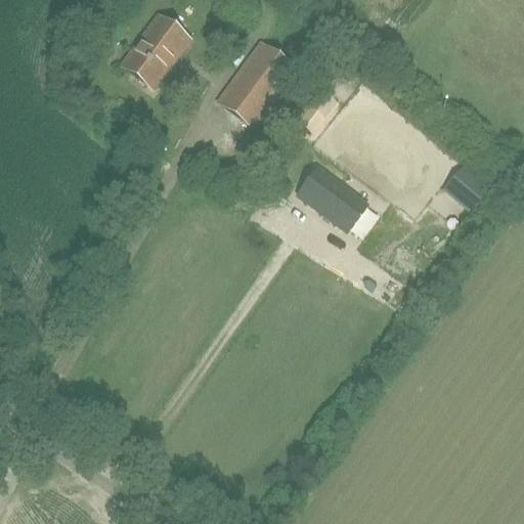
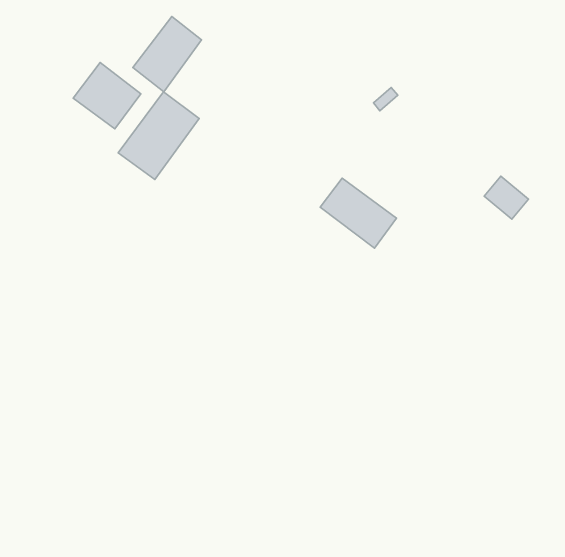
building: [219,43,294,124] -> [118,92,199,179]
building: none -> [73,63,141,129]

